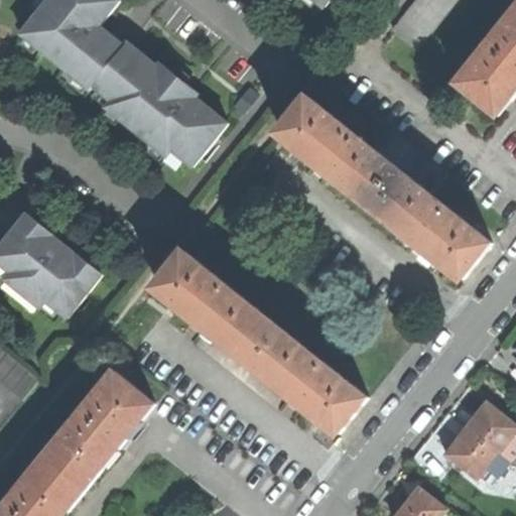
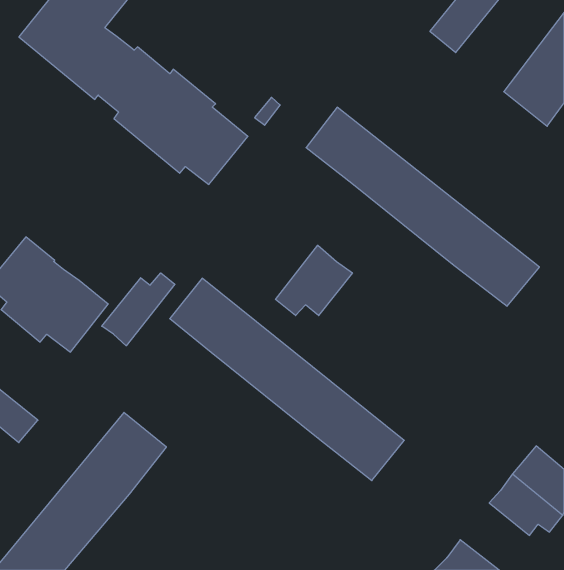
building: none -> [276,245,352,316]
building: none -> [102,273,175,346]

